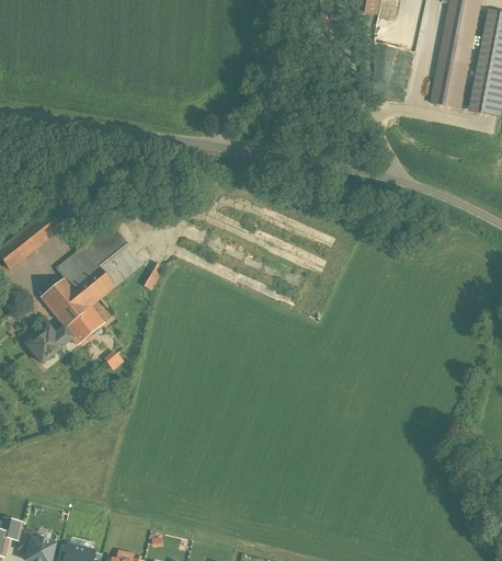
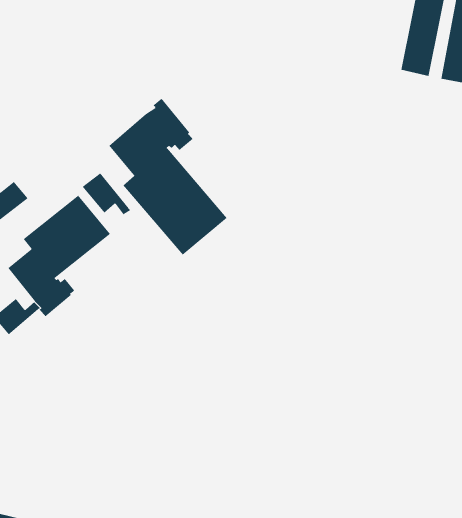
building: none -> [108,98,228,256]
building: none -> [82,172,131,215]

